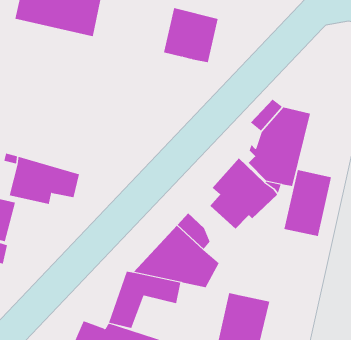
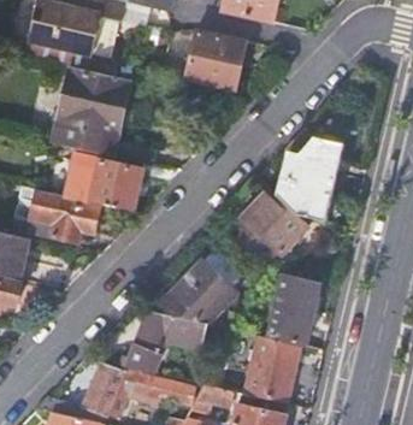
building: none -> [49,66,128,157]
building: none -> [64,155,179,213]
building: [284,169,332,237] -> [267,273,319,346]

